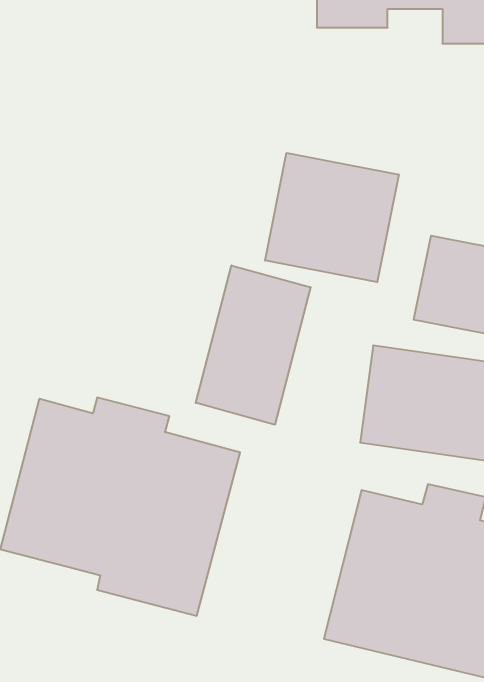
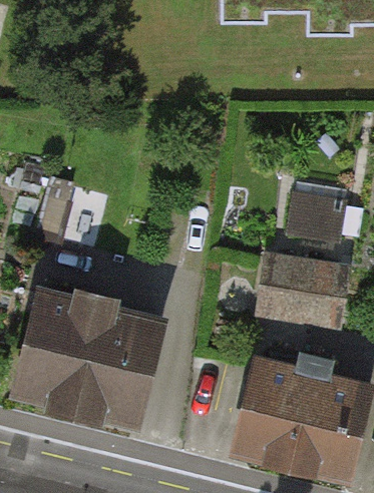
building: [265,153,399,282] -> none
building: [196,265,311,425] -> none

